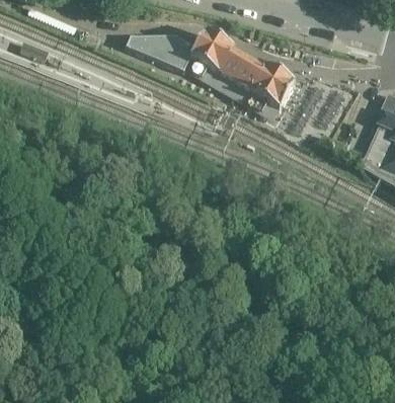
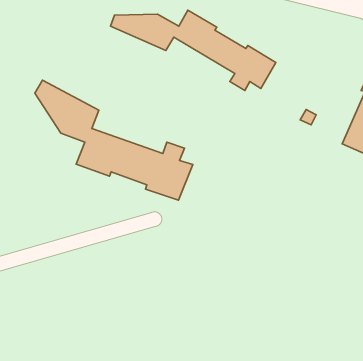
building: none -> [35,80,193,200]

